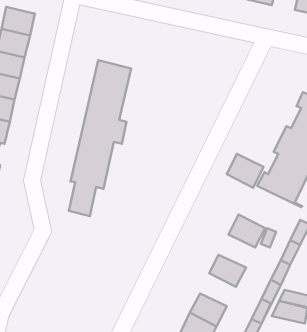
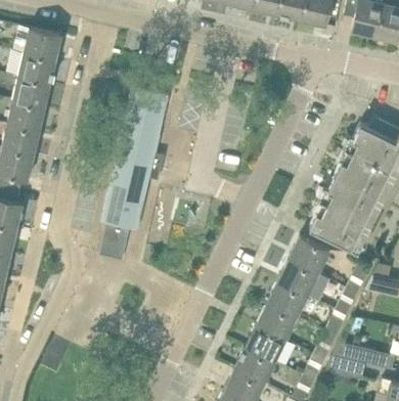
building: [227,154,263,188] -> [289,237,329,275]
building: none -> [266,282,307,319]
building: none -> [246,325,285,362]

